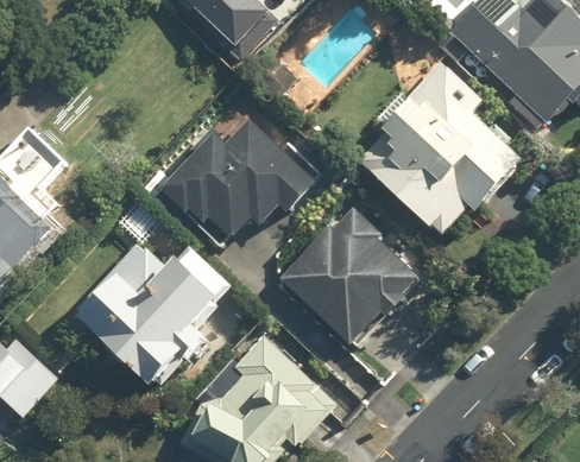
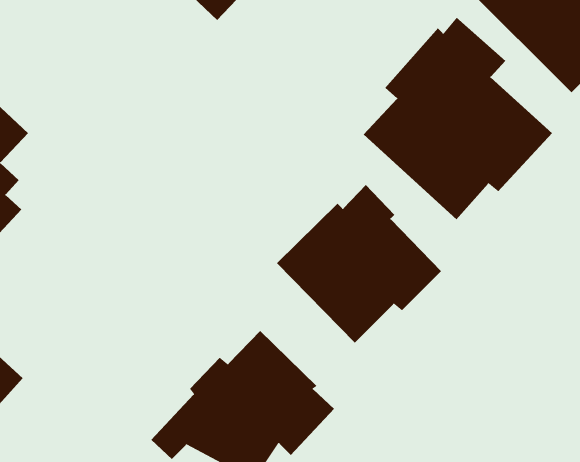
building: [160,116,317,240] -> none
building: [81,252,229,387] -> none

